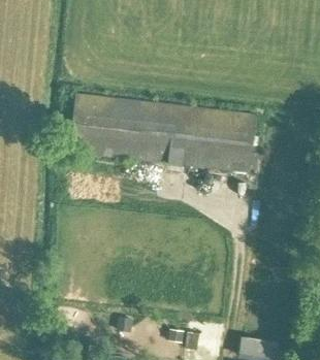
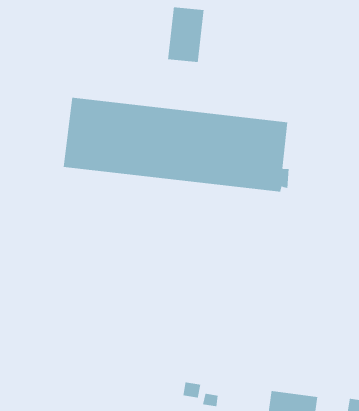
building: none -> [167,6,204,63]

